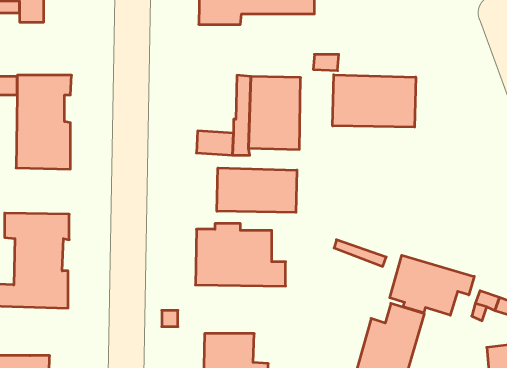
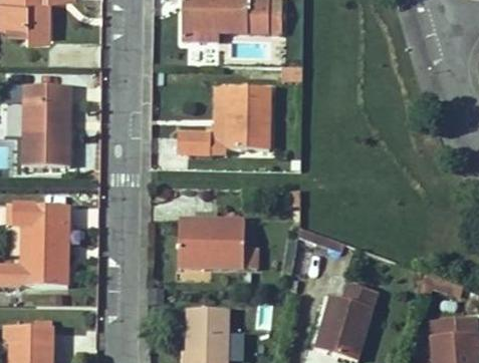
building: [333,75,416,127] -> none
building: [217,168,297,212] -> none
building: [390,255,474,315] -> none

